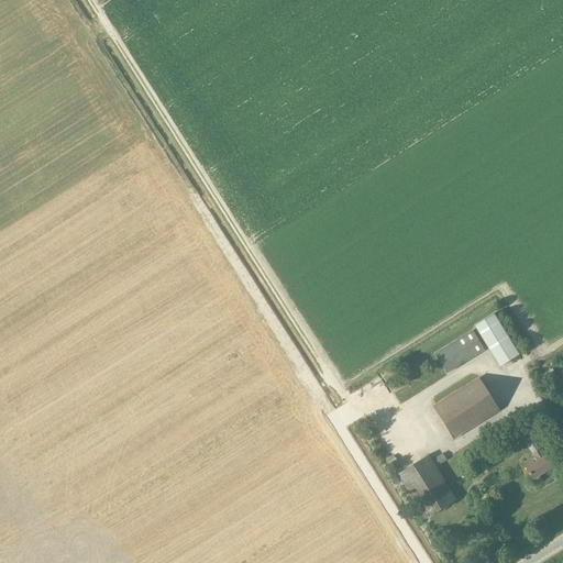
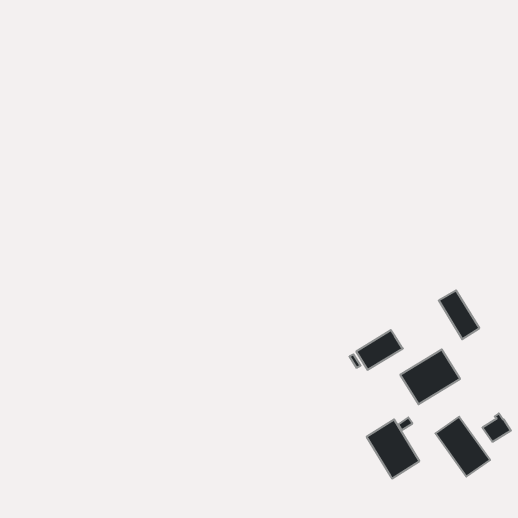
building: [434,329,485,372] -> [356,330,403,370]
building: none -> [435,417,490,477]

